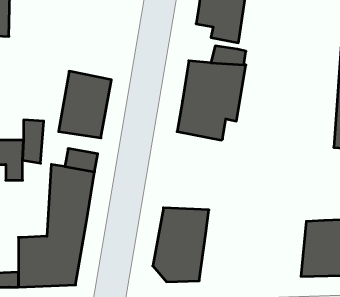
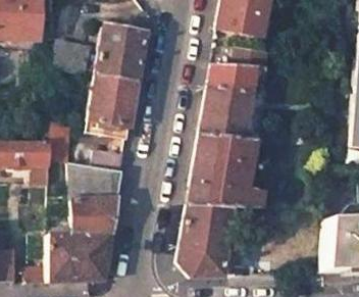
building: none -> [97,24,146,82]
building: none -> [188,132,262,208]

